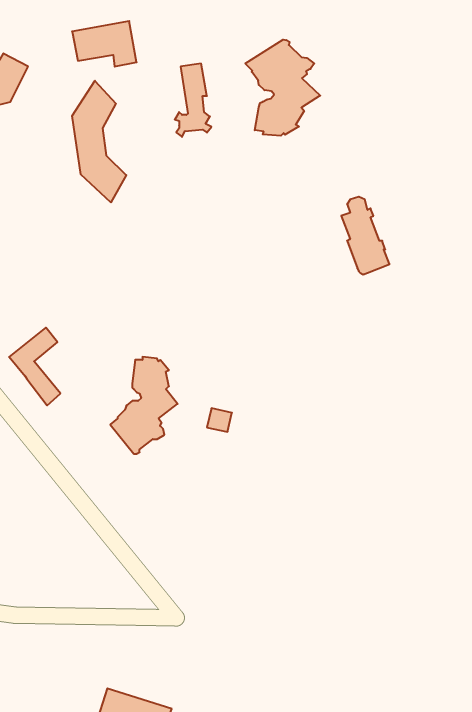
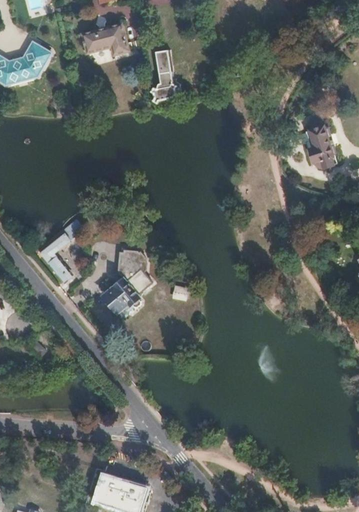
building: [245,40,320,136] -> none
building: [72,81,126,202] -> none
building: [341,197,390,274] -> [304,118,337,171]

